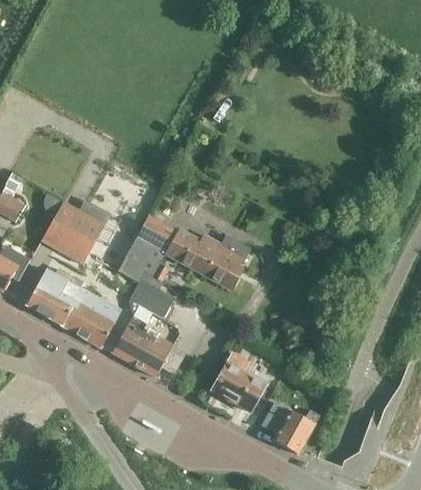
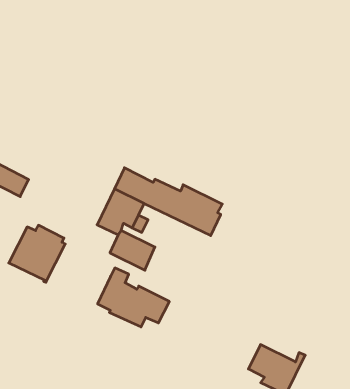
building: [41,200,105,263] -> none
building: [62,288,121,346] -> none
building: [212,352,265,410] -> none

